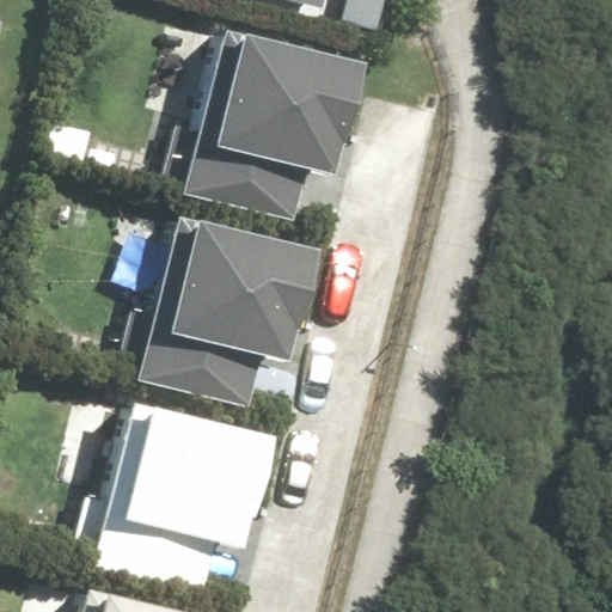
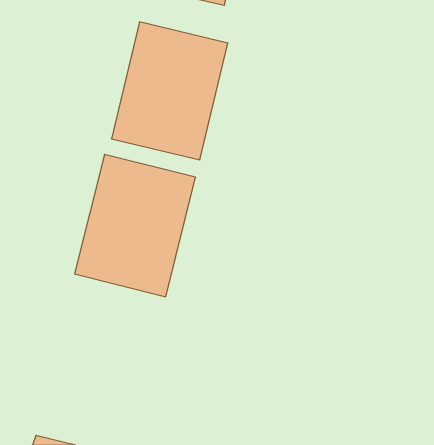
building: [73,403,240,593] -> none

